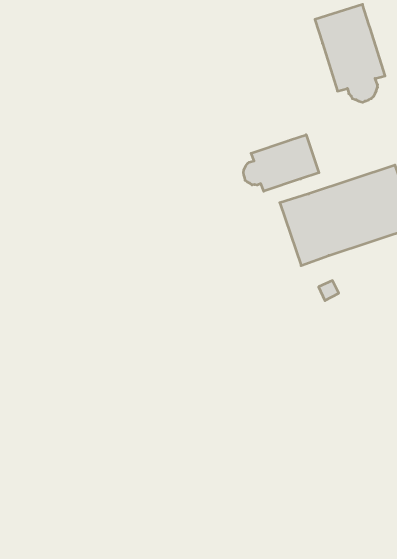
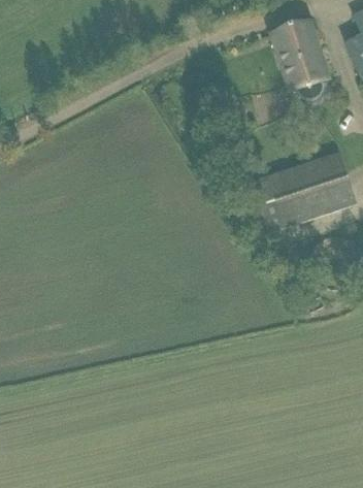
building: [243,135,319,191] -> none

